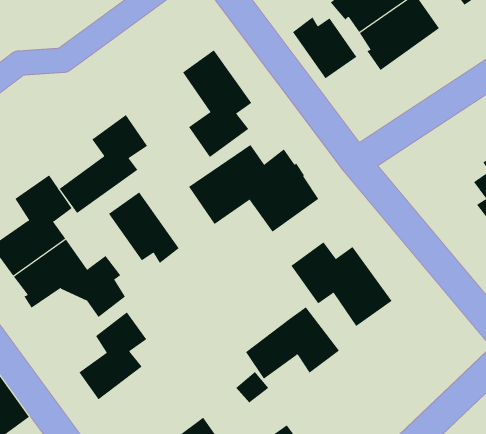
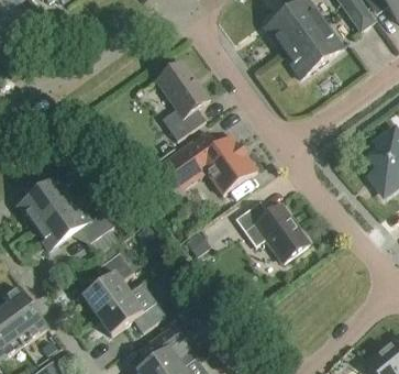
building: [292,17,357,79] -> none
building: [59,114,148,214] -> none
building: [108,192,180,264] -> none
building: [245,306,340,379] -> [98,282,166,334]

